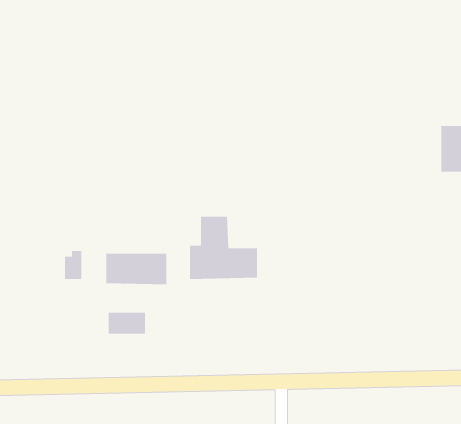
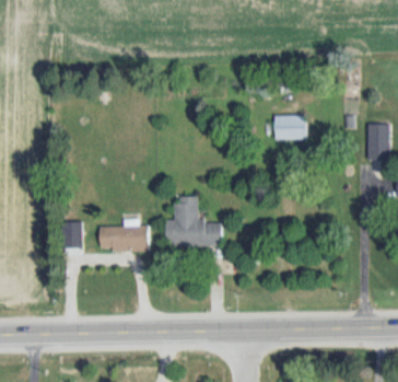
building: none -> [274,115,306,140]
building: [108,312,146,335] -> none

